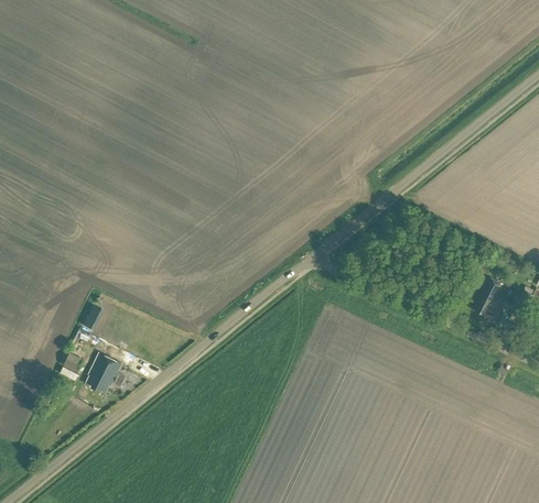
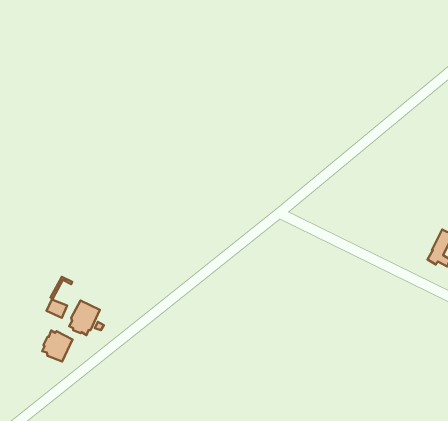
building: none -> [42,331,73,362]

